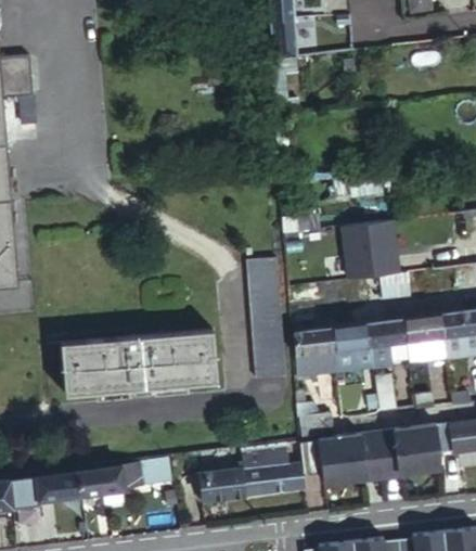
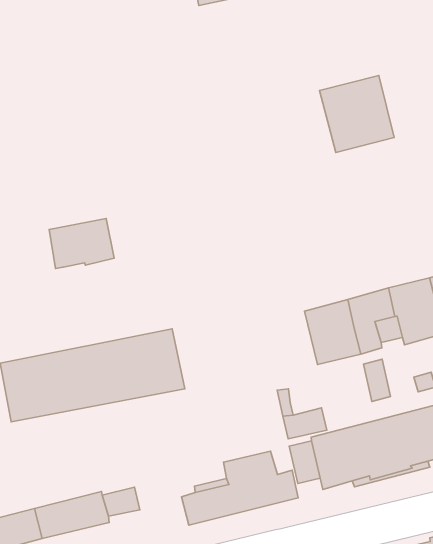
building: [342,222,400,283] -> [319,75,394,152]
building: none -> [49,219,114,268]
building: [247,258,290,381] -> none
building: [292,331,333,381] -> none

